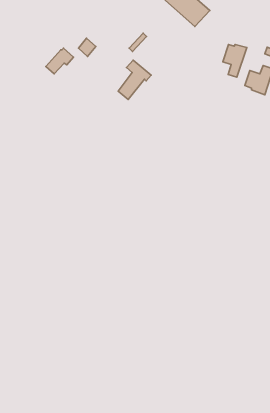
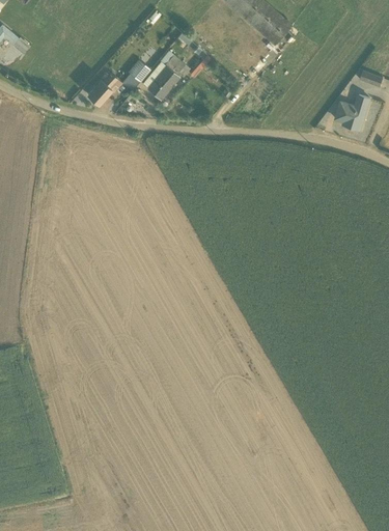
building: [223,44,247,77] -> none
building: [118,60,151,99] -> [147,51,189,100]

